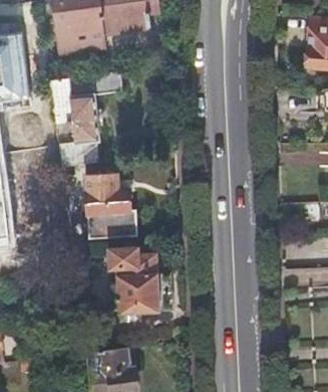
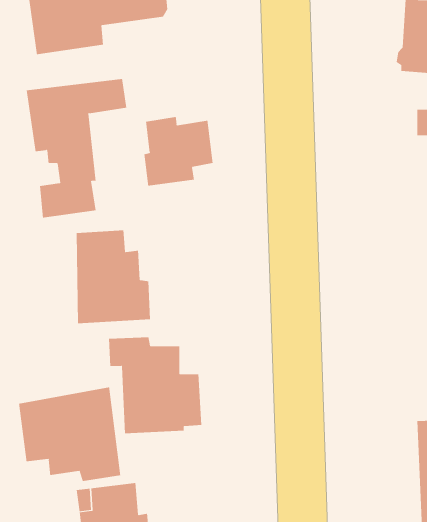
building: none -> [144,116,213,186]
building: none -> [18,387,121,482]

